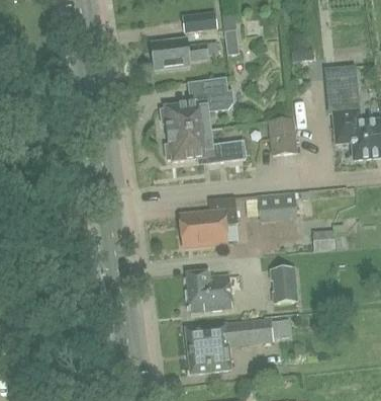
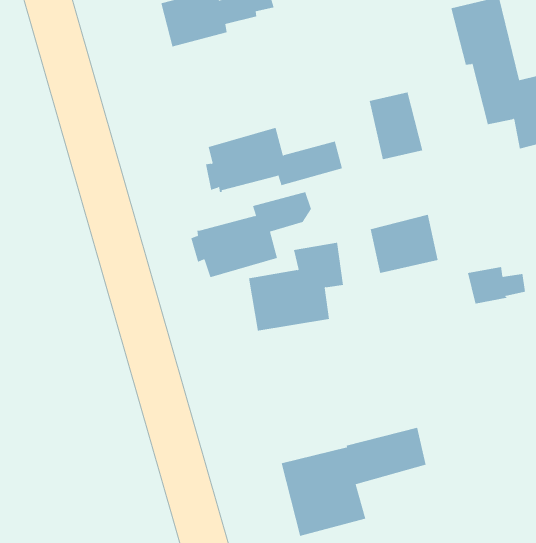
building: [160,88,234,132] -> [191,192,312,278]
building: [269,264,297,301] -> none
building: [186,268,231,311] -> none

